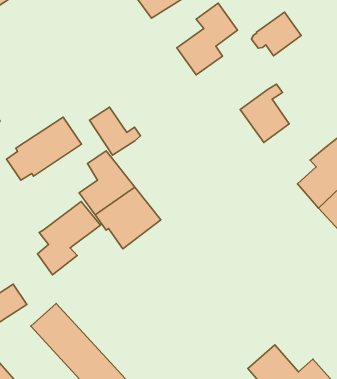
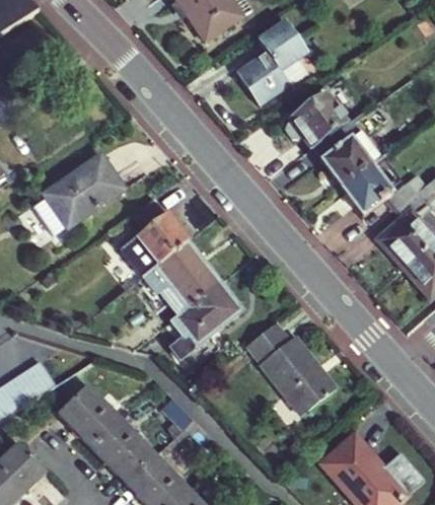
building: [252,12,301,56] -> [286,97,346,150]
building: [89,107,140,155] -> none
building: none -> [341,167,414,218]
building: [37,201,101,275] -> [164,283,240,371]
building: none -> [250,321,346,413]

